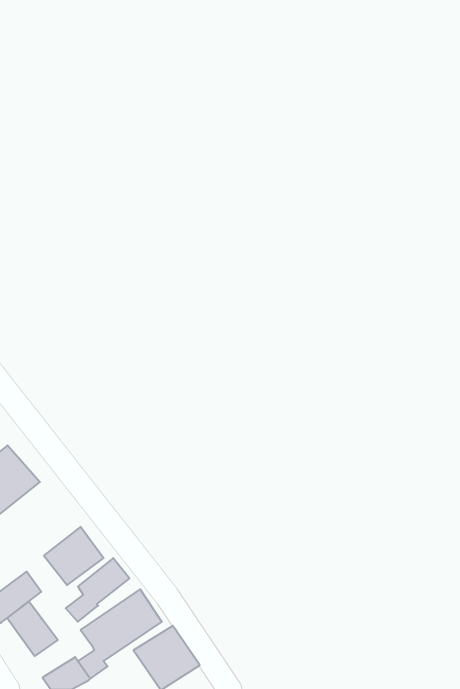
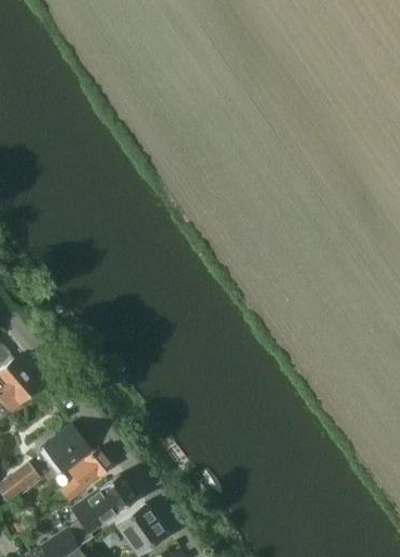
building: [7,602,58,656] -> none

